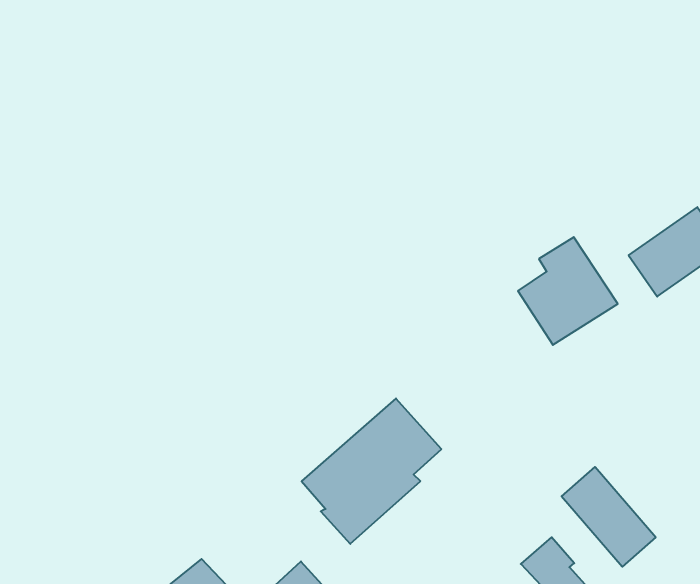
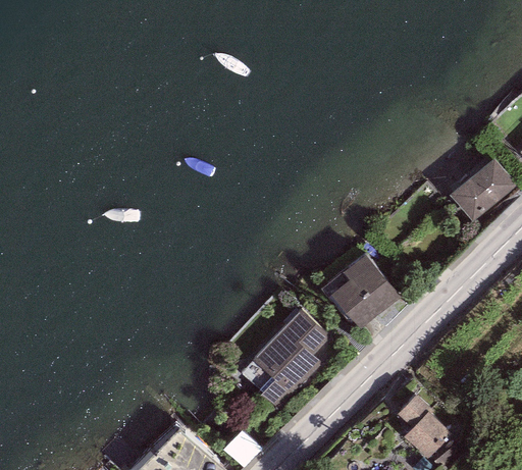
building: [518,237,618,345] -> [329,253,399,328]
building: [562,467,656,567] -> none

